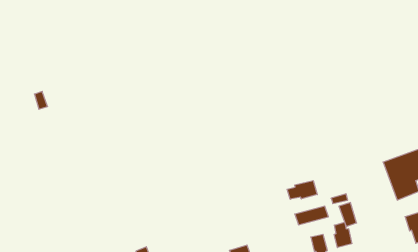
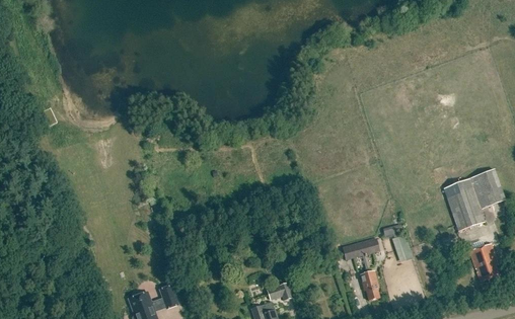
building: [287,181,317,199] -> none
building: [334,222,352,248] -> none

